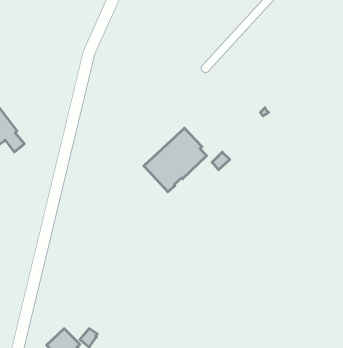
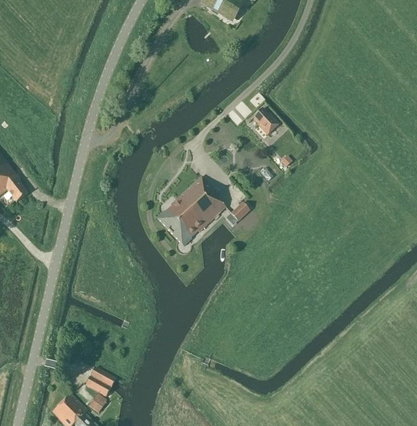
building: none -> [253,108,279,136]
building: none -> [87,368,116,397]

